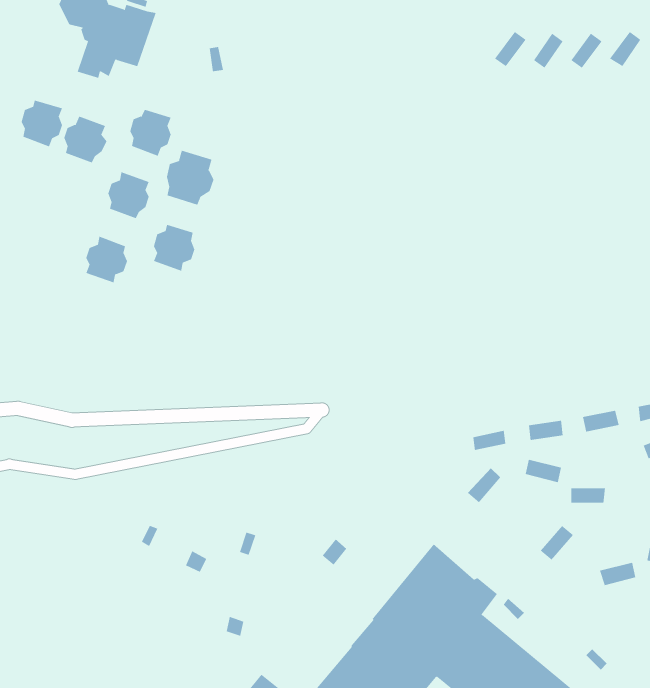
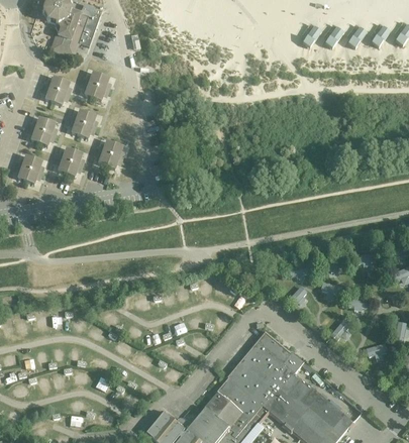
building: [21,100,63,147] -> [30,117,56,145]
building: [166,150,214,205] -> none
building: none -> [17,154,42,183]

